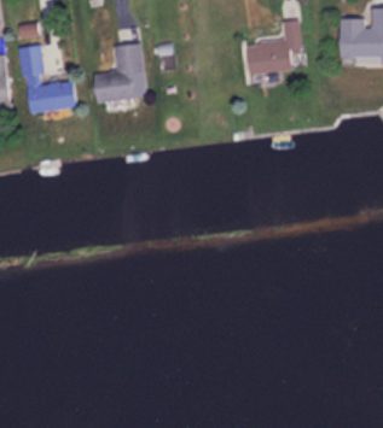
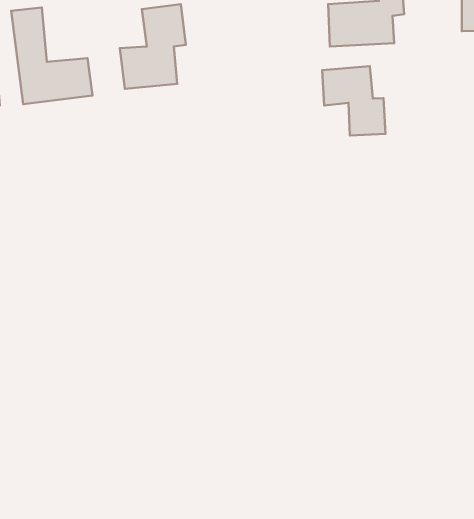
building: none -> [322,66,385,136]

